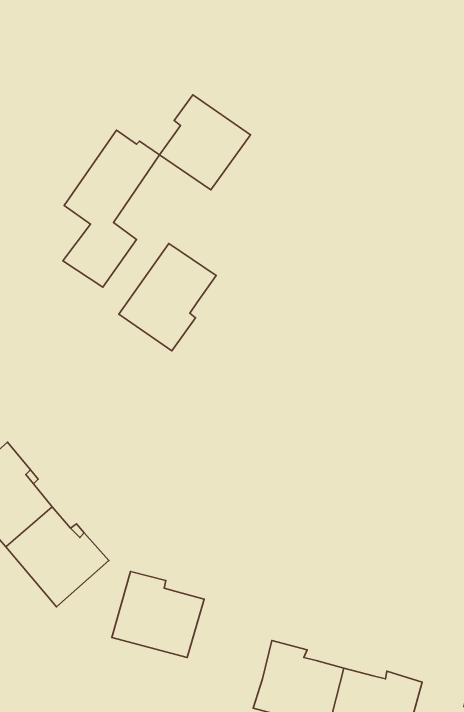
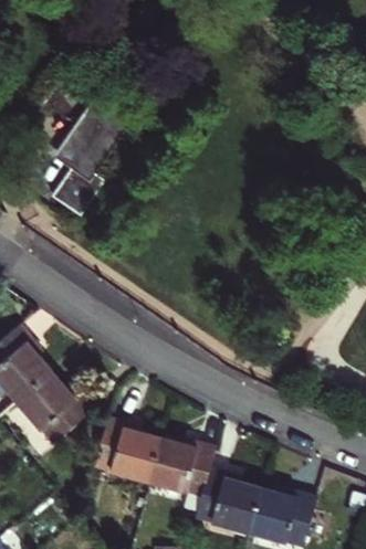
building: [160,95,250,190] -> none
building: [119,244,216,351] -> none
building: none -> [147,439,215,496]

